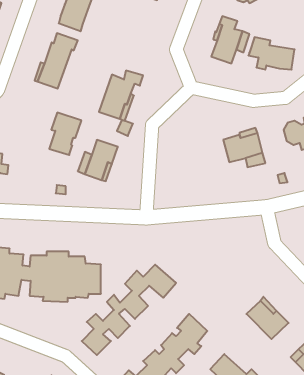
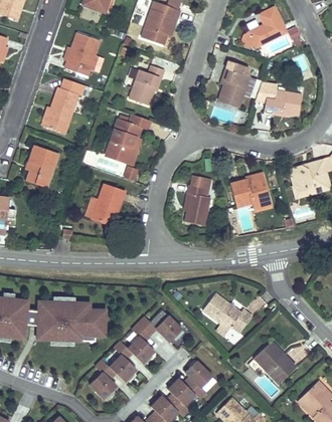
building: none -> [129,65,163,104]
building: [49,113,81,155] -> [25,145,57,187]
building: none -> [184,176,210,225]
building: none -> [202,292,252,333]

